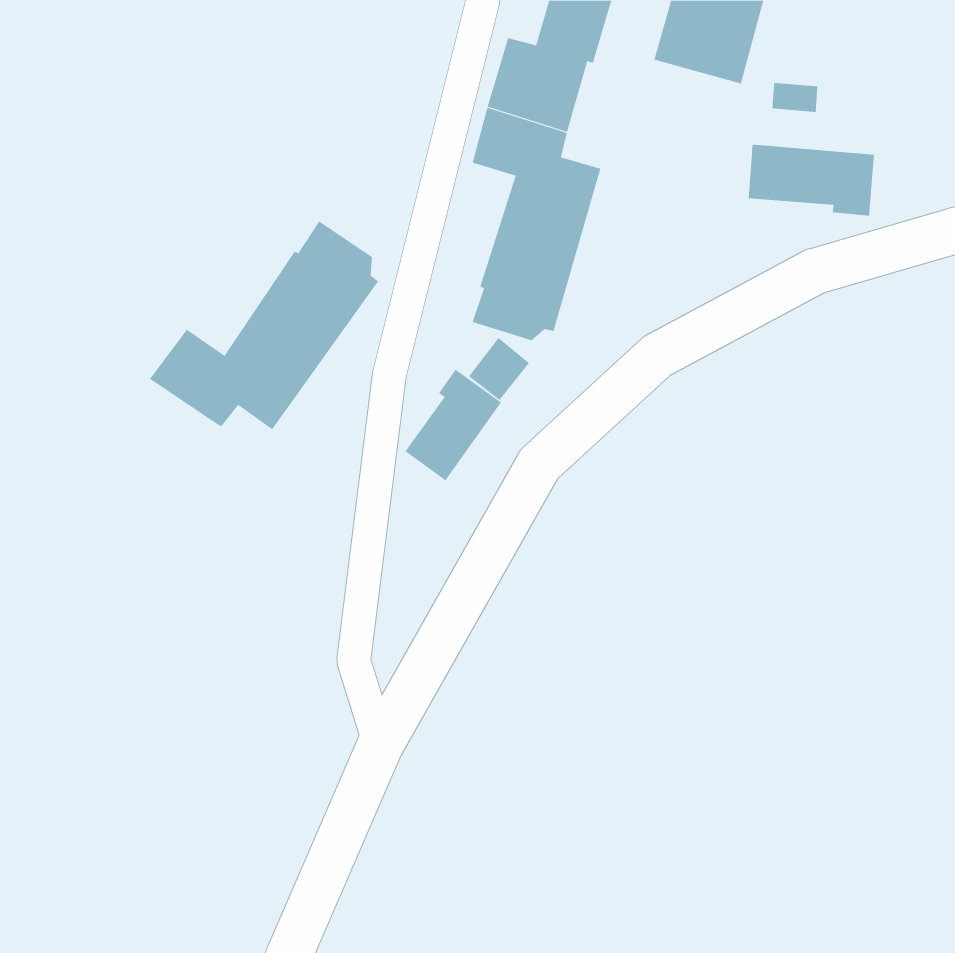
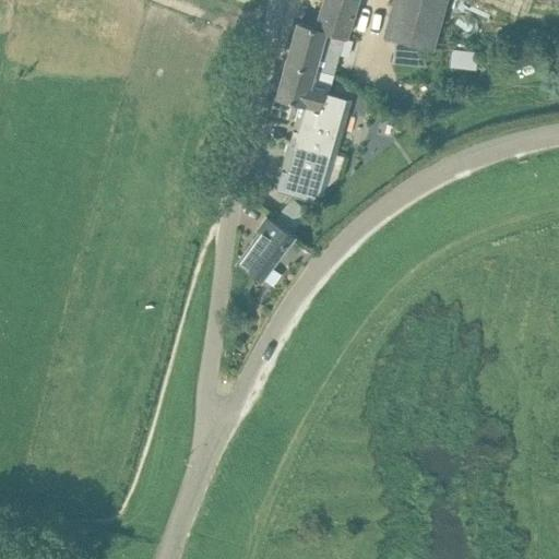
building: [748,144,875,216] -> none
building: [149,220,379,430] -> none

